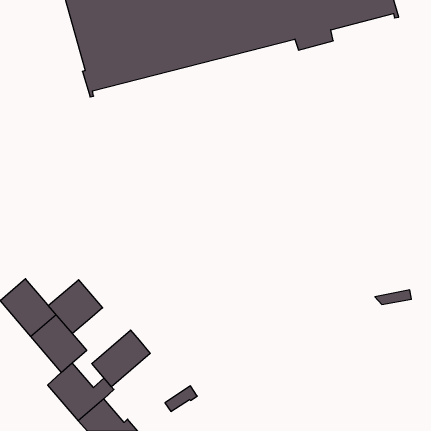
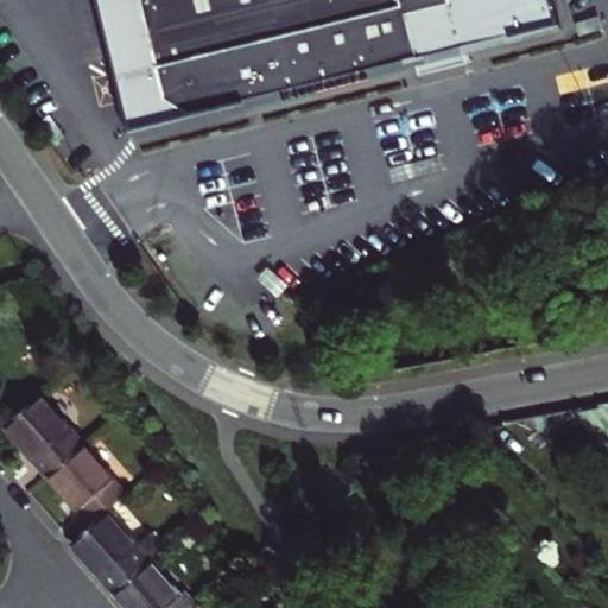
building: [48,280,103,334] -> none
building: [92,330,150,387] -> none

